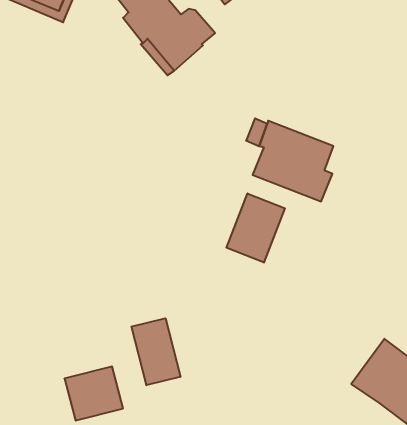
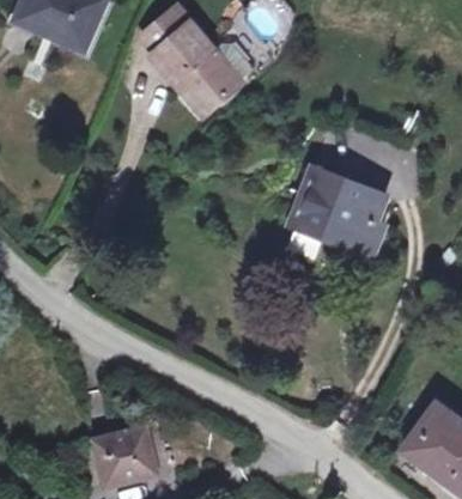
building: [226,193,285,263] -> none
building: [131,318,180,385] -> none

